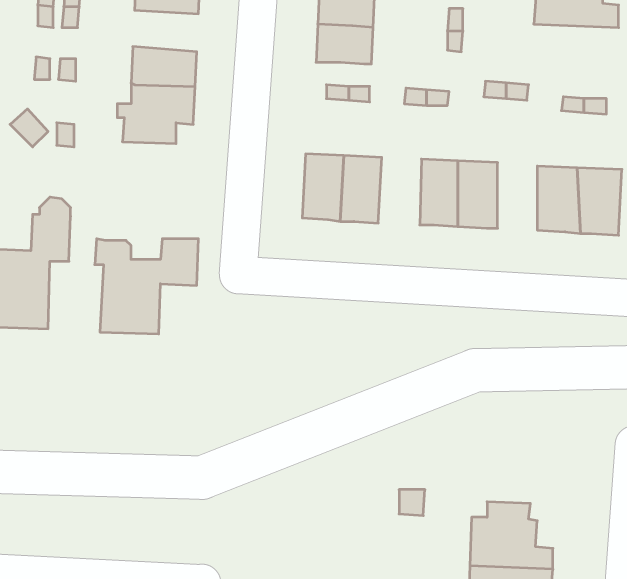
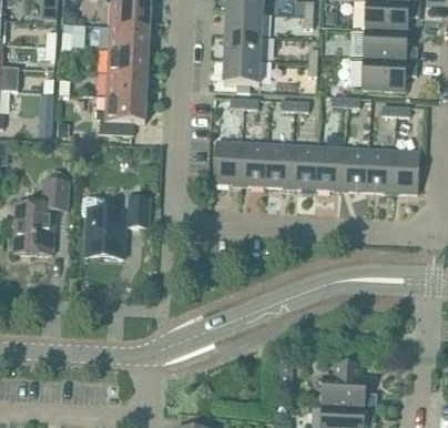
building: none -> [105,50,147,77]
building: none -> [362,59,417,91]
building: none -> [263,144,291,187]
building: none -> [339,147,365,191]

